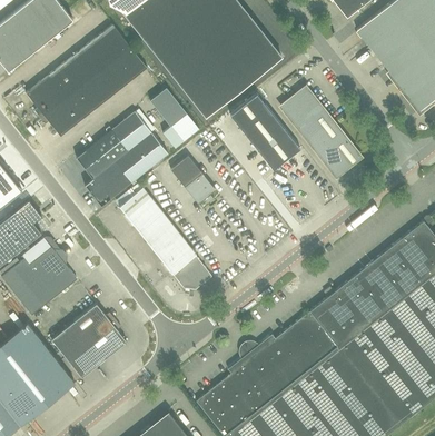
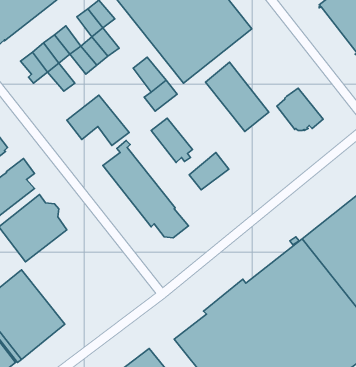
building: [76,43,105,76] -> none
building: [117,46,147,78] -> none
building: [68,85,98,117] -> none
building: [281,87,333,142] -> none
building: [40,105,73,136] -> none
building: [112,112,168,171] -> none
building: [85,165,127,206] -> none
building: none -> [189,153,229,190]
building: [51,304,127,378] -> none

